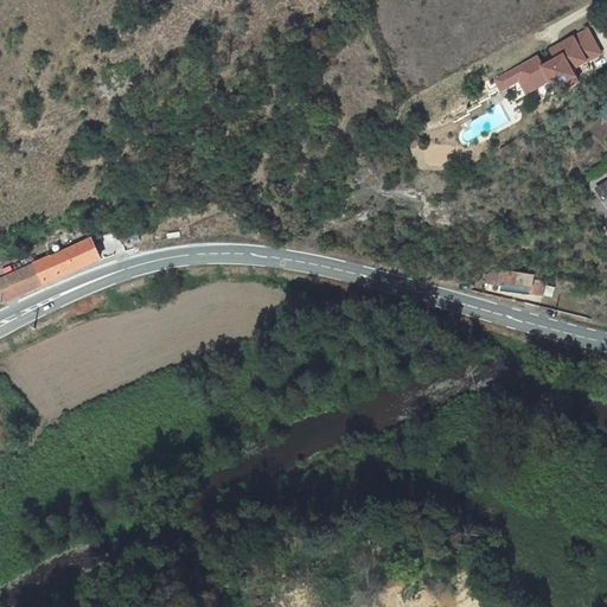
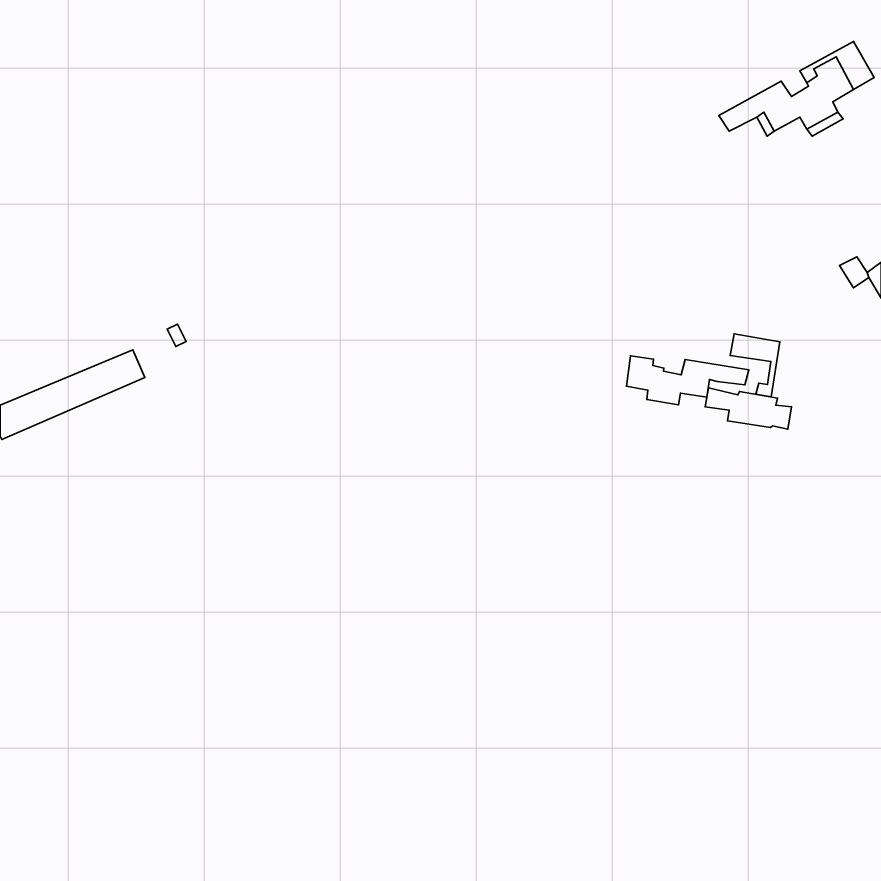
building: none -> [730,334,780,397]
building: none -> [626,356,749,405]

